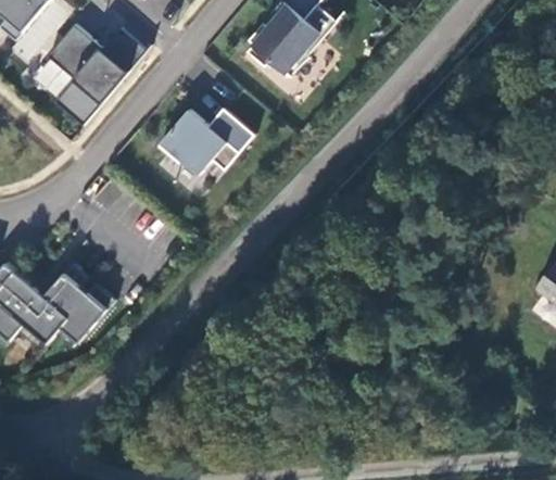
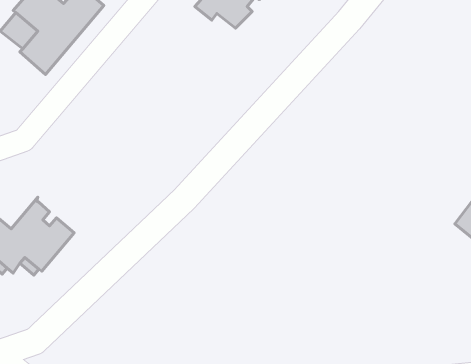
building: [157,106,253,173] -> none

